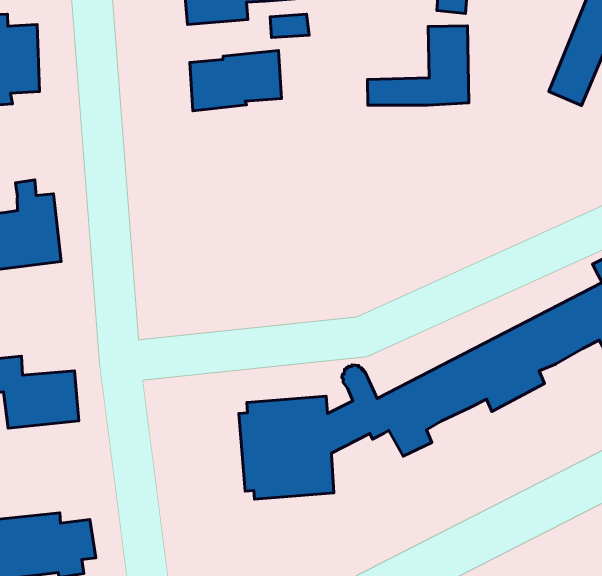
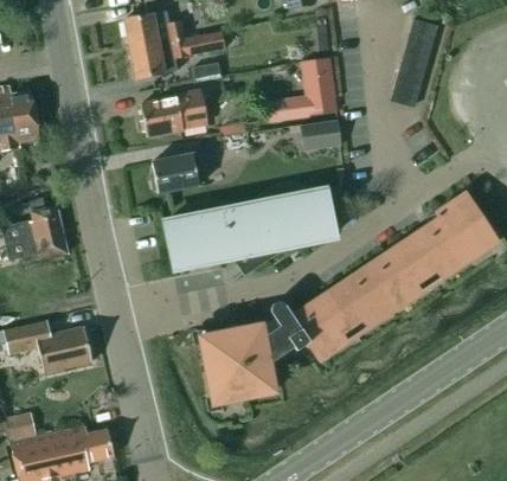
building: none -> [300,120,340,149]
building: none -> [153,153,208,193]
building: none -> [165,190,334,272]

